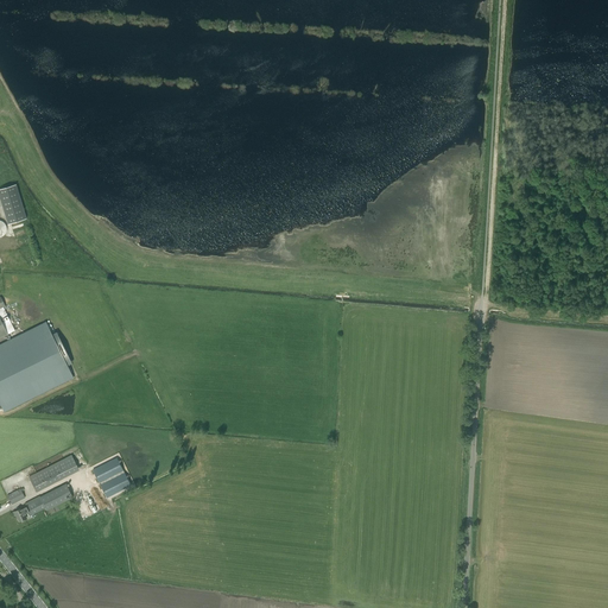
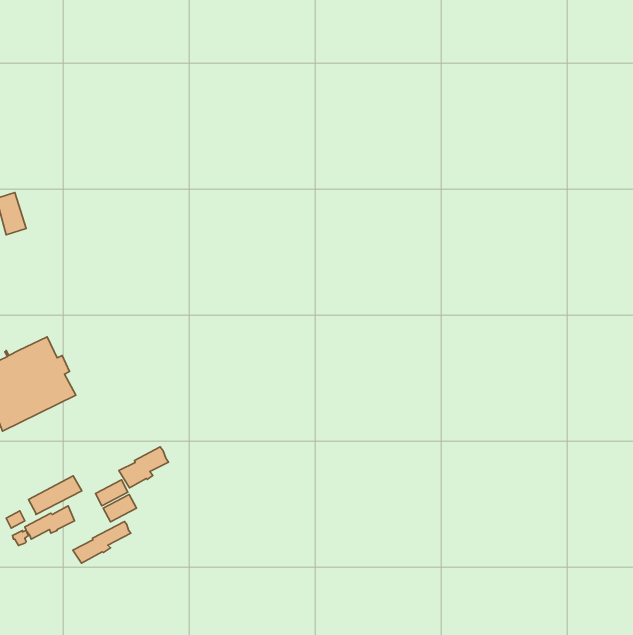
building: none -> [119,447,168,488]
building: none -> [73,521,131,563]

